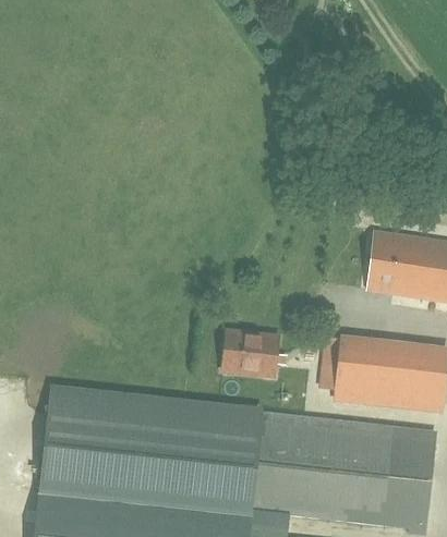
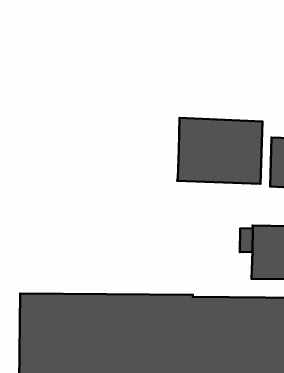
building: none -> [177,118,262,184]
building: [222,330,279,376] -> none

